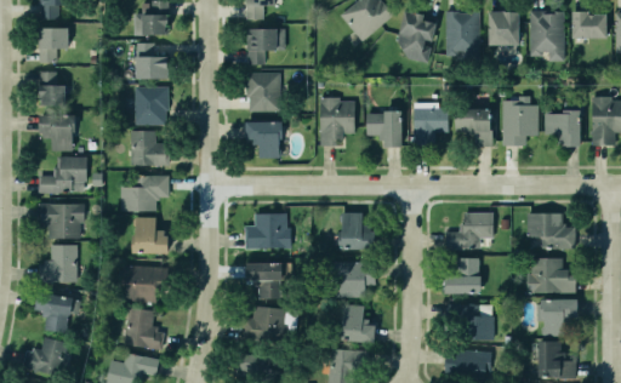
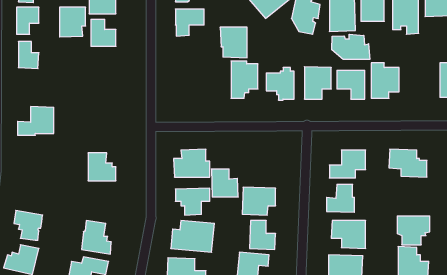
building: none -> [332,34,370,59]
building: [245,72,280,112] -> [220,27,247,58]
building: [135,86,169,125] -> [60,7,86,37]
building: [546,103,583,147] -> none
building: [38,113,76,152] -> none
building: [246,121,283,158] -> none
building: [132,131,170,167] -> none
building: [121,176,171,212] -> none
building: [41,204,85,239] -> none
building: [341,213,376,250] -> [211,169,238,197]
building: [38,244,78,282] -> none
building: [528,258,576,292] -> none
building: [125,267,161,302] -> none

